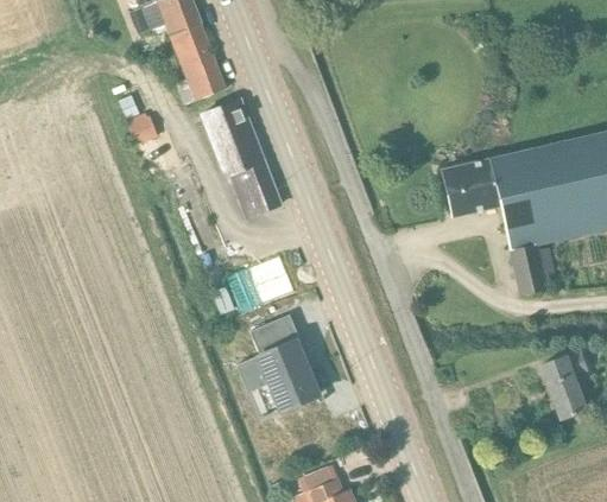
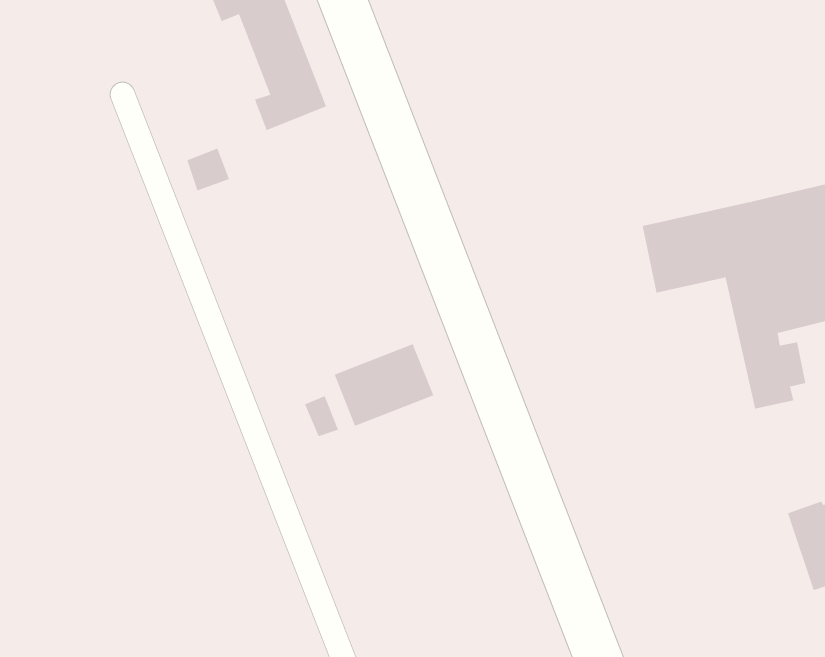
building: [203,99,282,217] -> none
building: [236,316,321,412] -> none

